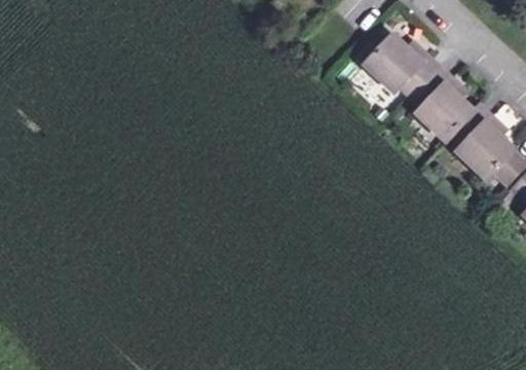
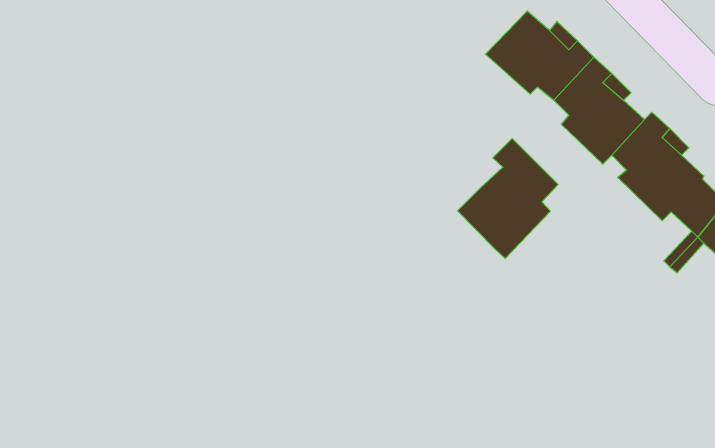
building: none -> [458,139,558,258]

